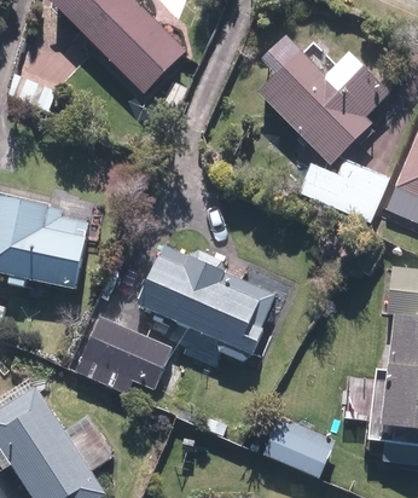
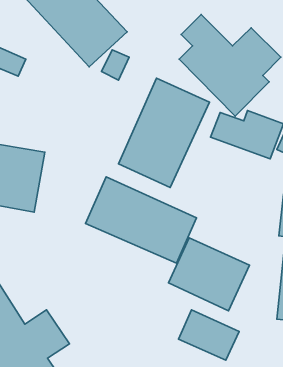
building: none -> [118,78,210,187]
building: [74,314,172,401] -> none
building: none -> [169,238,250,311]

